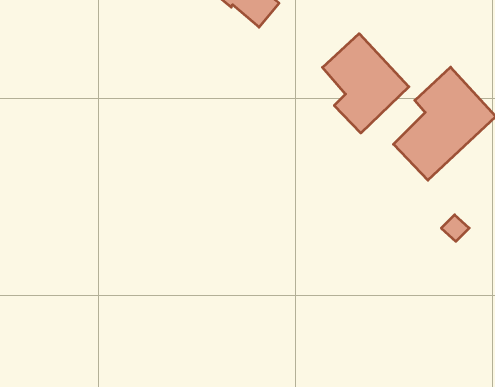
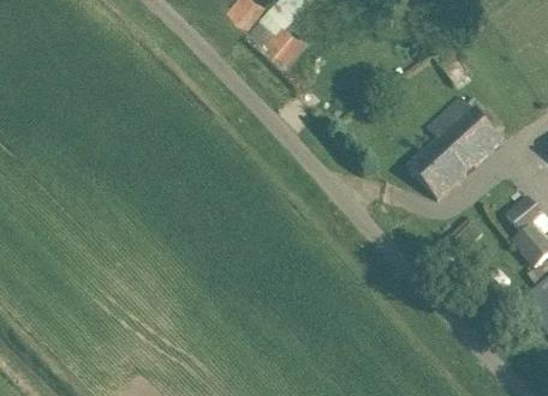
building: [322,34,409,133] -> none

